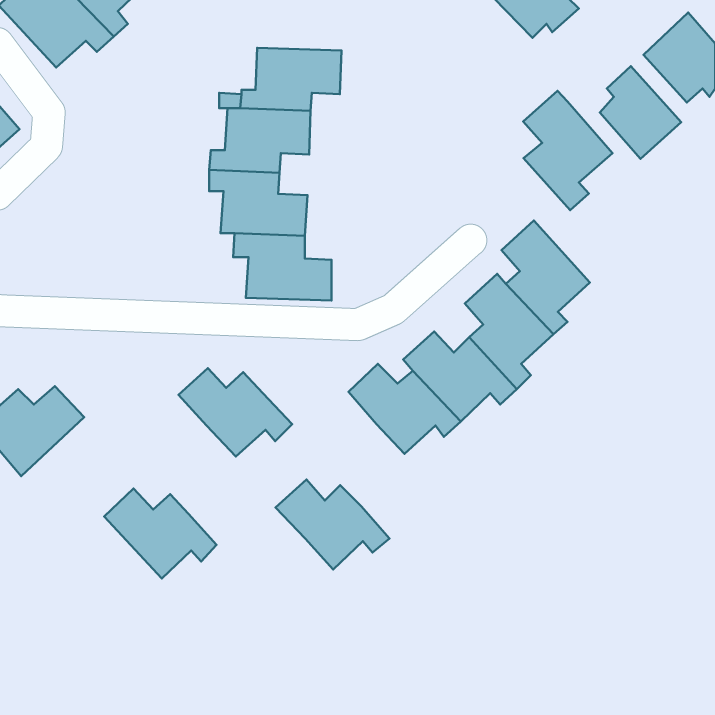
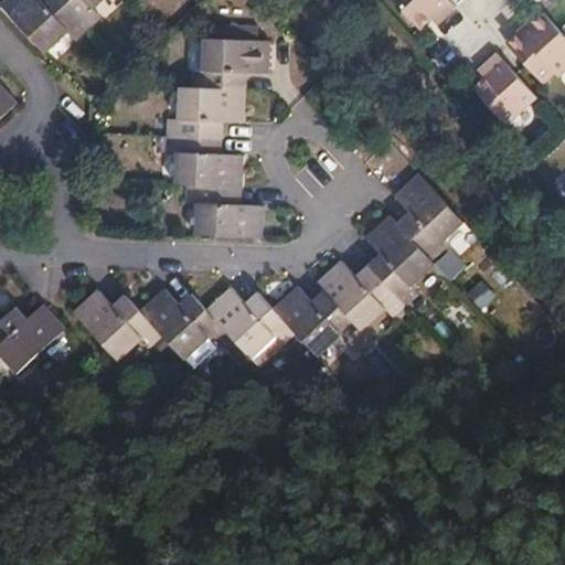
building: [523,91,613,210] -> none
building: [276,479,389,569] -> [206,287,296,358]
building: [104,489,216,578] -> [74,290,162,361]

